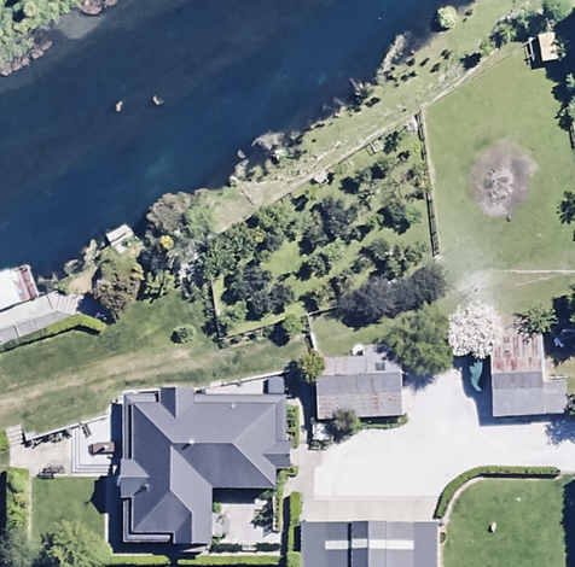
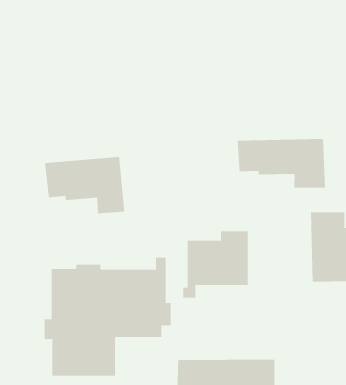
building: none -> [237,138,325,189]
building: none -> [45,156,125,214]

